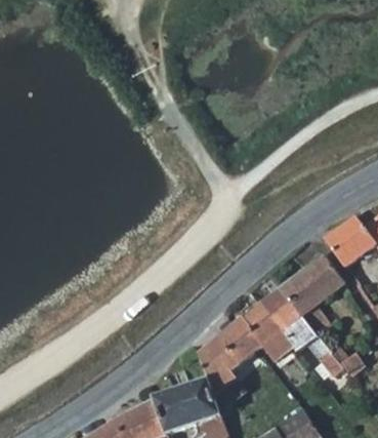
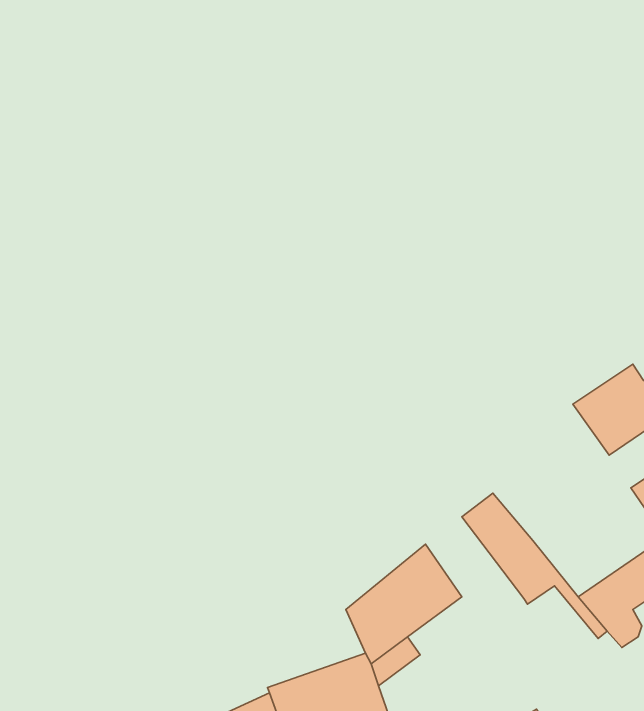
building: [279,255,344,315] -> none
building: [241,302,296,360] -> none

